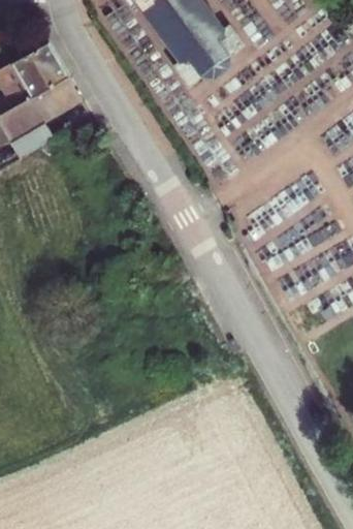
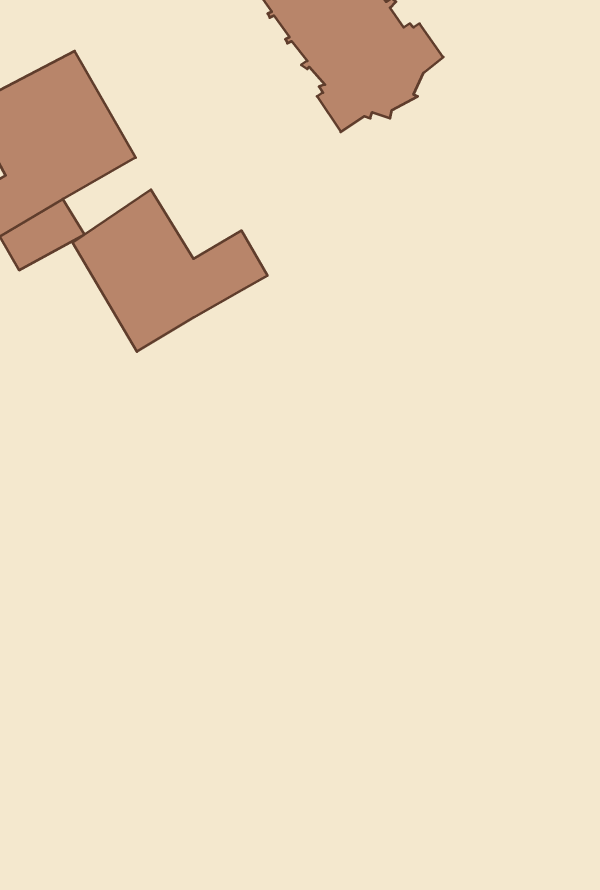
building: none -> [73,190,267,352]

